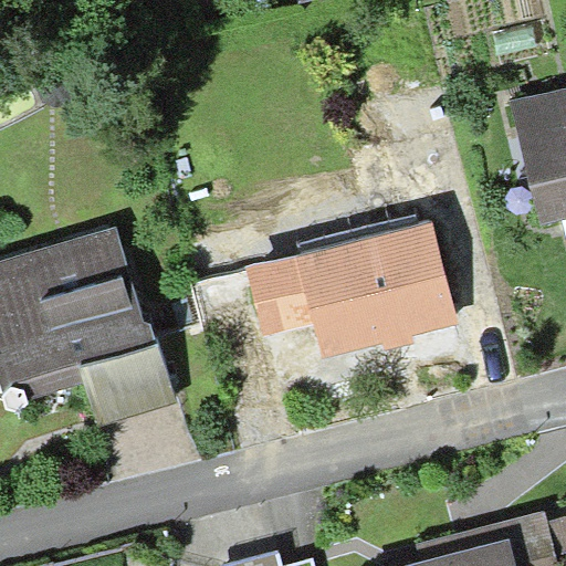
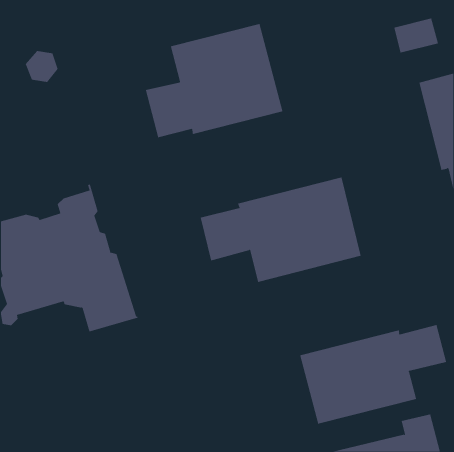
building: none -> [145,23,283,138]
building: none -> [300,324,447,425]

